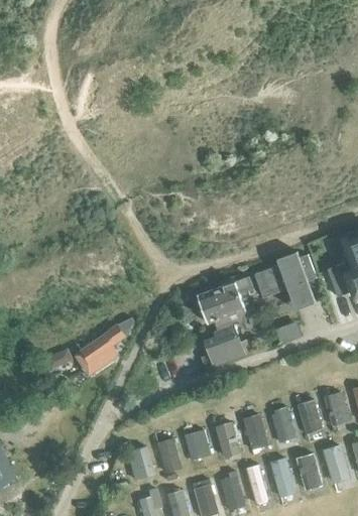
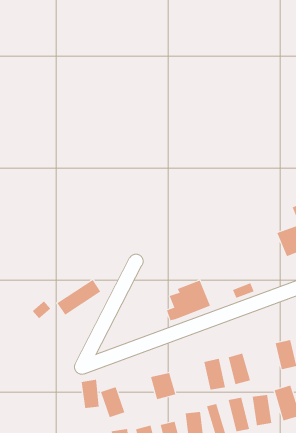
building: [253,253,315,311] -> none
building: [196,277,261,326] -> none
building: [297,400,323,433] -> none
building: [216,421,241,455] -> none
building: [158,438,180,472] -> [81,379,100,409]

